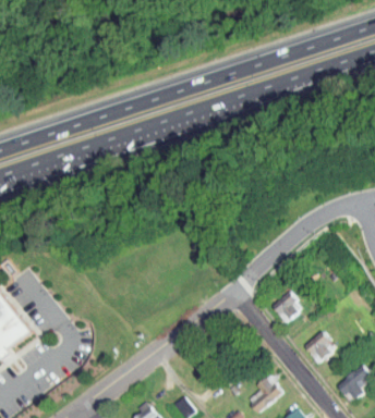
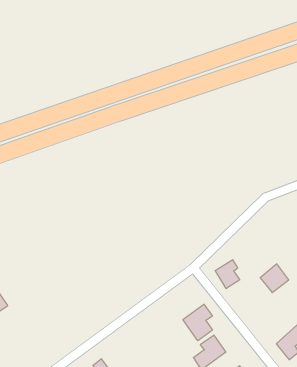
building: [303,331,335,362] -> [260,264,289,293]
building: none -> [183,304,212,341]

